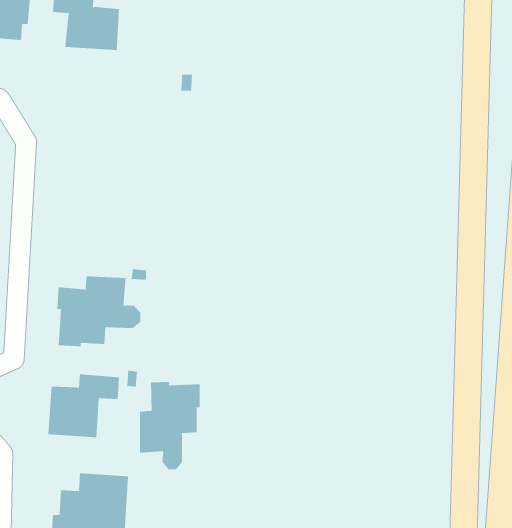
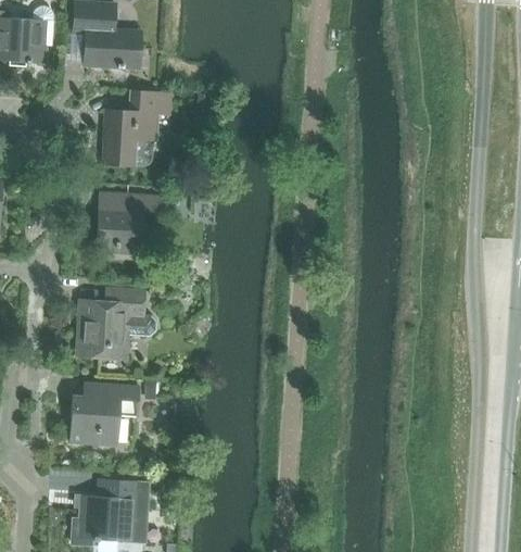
building: none -> [102,89,173,165]
building: none -> [97,193,165,252]
building: [139,381,200,470] -> none

